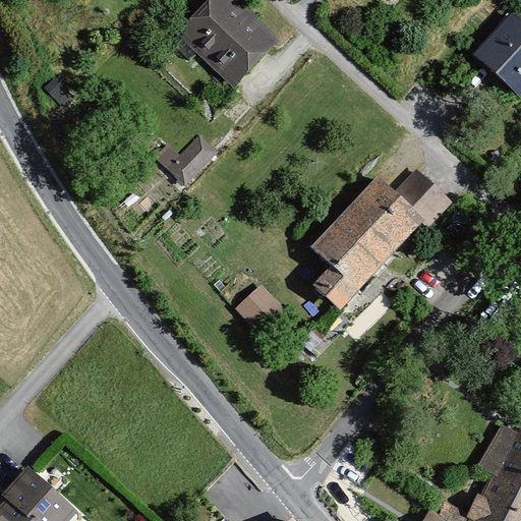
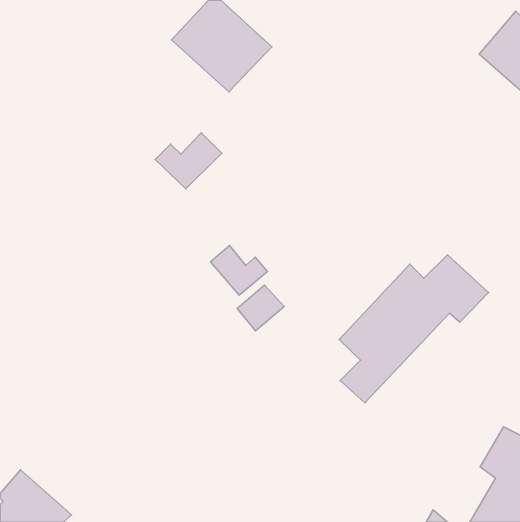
building: [305,166,454,313] -> [339,255,488,403]
building: none -> [211,245,267,295]

